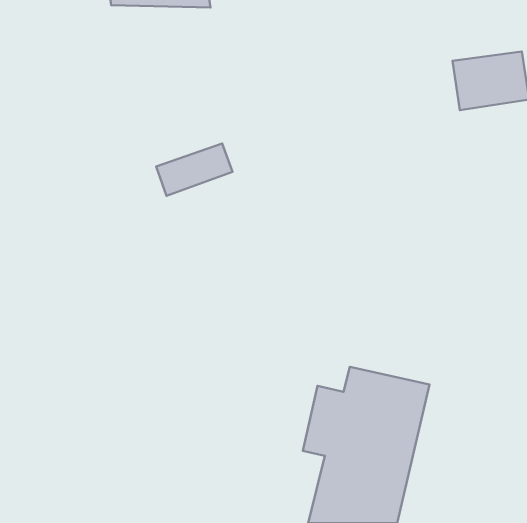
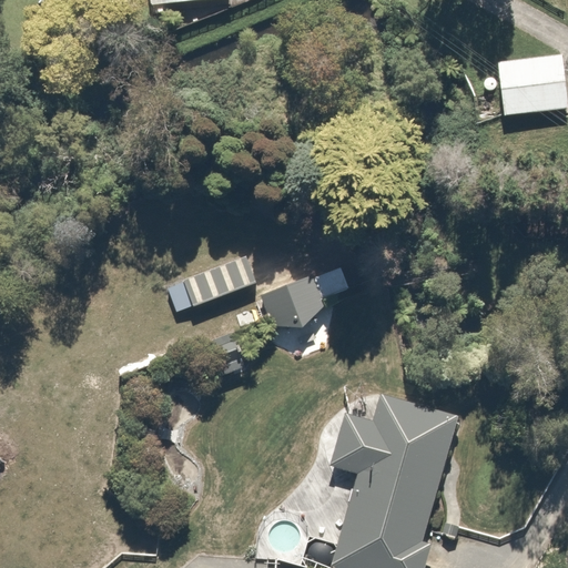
building: [156,144,233,196] -> [170,255,251,311]
building: none -> [256,278,320,333]

